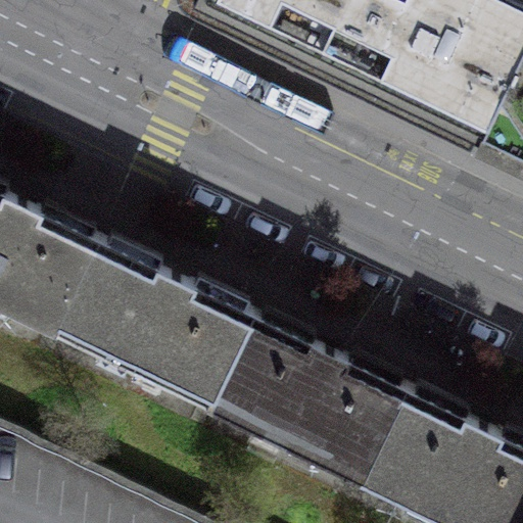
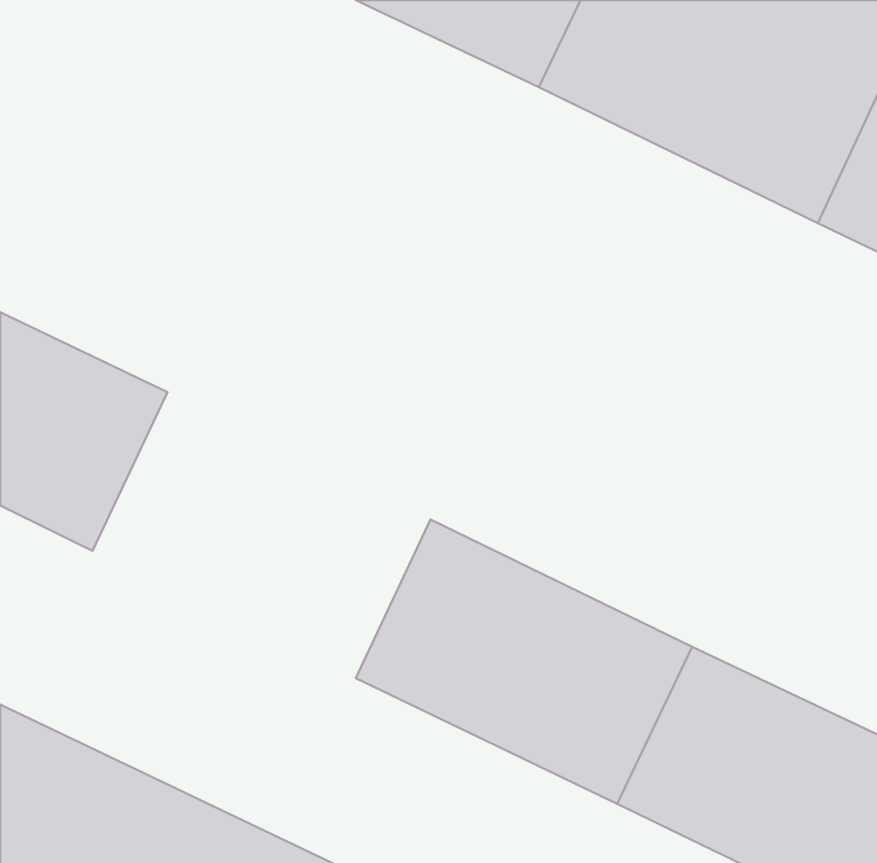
building: [62,246,260,414] -> none

